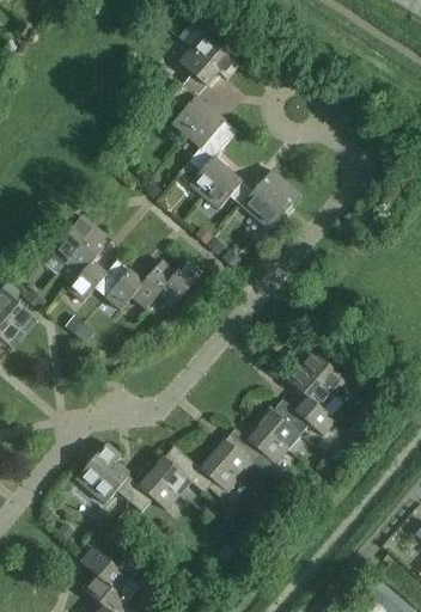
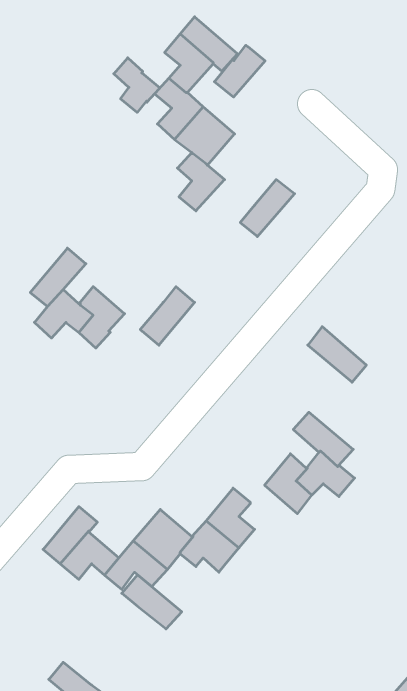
building: none -> [214,45,265,97]
building: none -> [114,58,160,112]
building: [203,169,252,208] -> none
building: [255,180,300,230] -> none
building: [50,214,96,263] -> none
building: [130,259,176,308] -> none
building: [298,348,347,394] -> [308,327,366,382]
building: [239,424,288,473] -> none
building: [79,546,129,592] -> [122,575,182,629]

